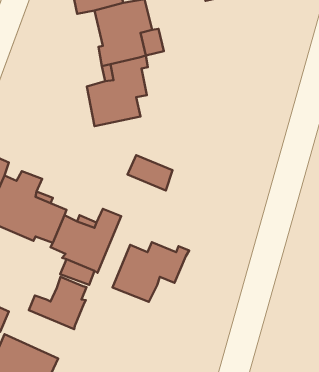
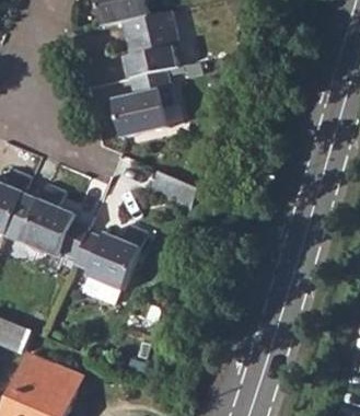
building: [112,242,189,302] -> none
building: [29,277,87,329] -> none

